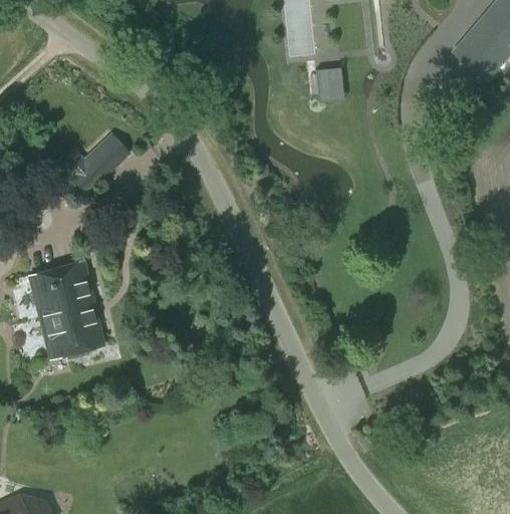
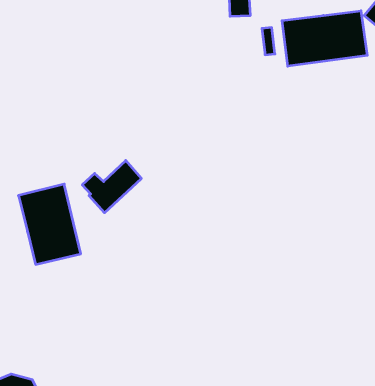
building: none -> [282,11,367,66]
building: [58,133,131,197] -> [82,160,141,213]

